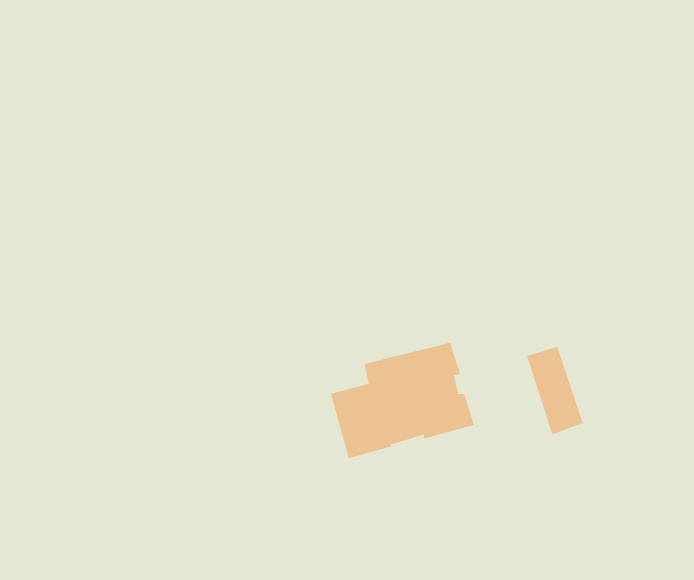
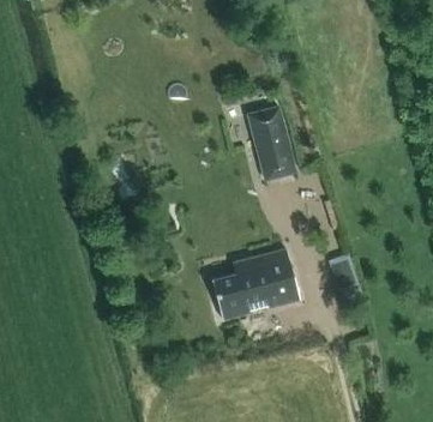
building: none -> [251,115,294,177]

